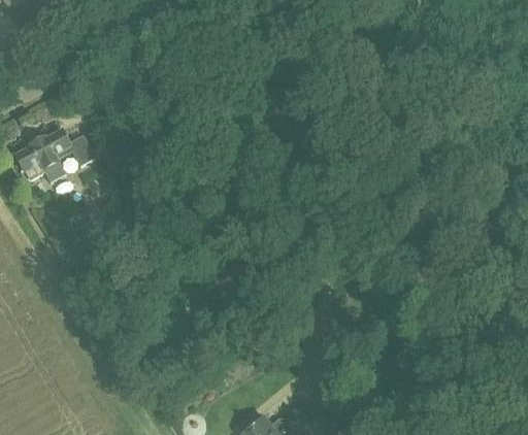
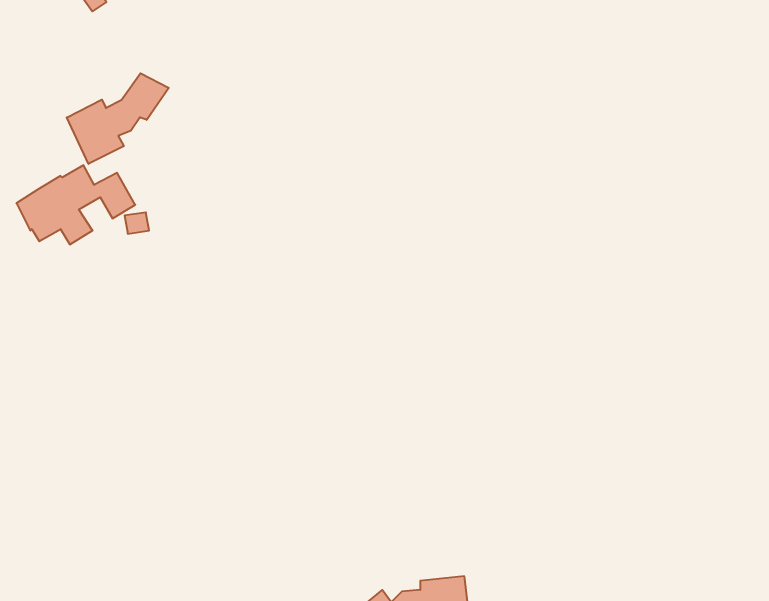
building: none -> [67,73,169,164]

